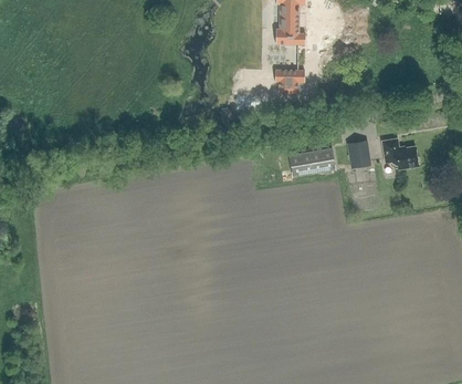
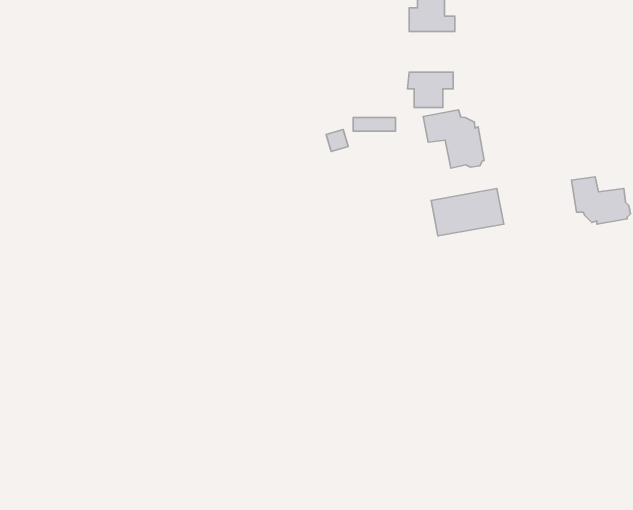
building: none -> [423,110,484,168]
building: [347,142,371,167] -> none

